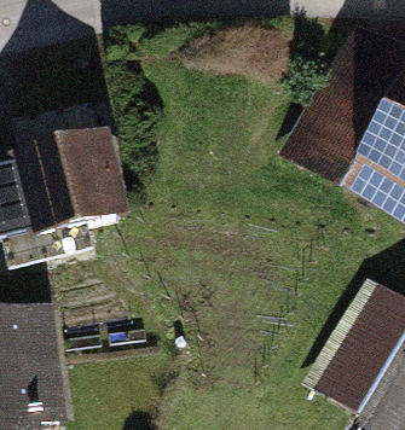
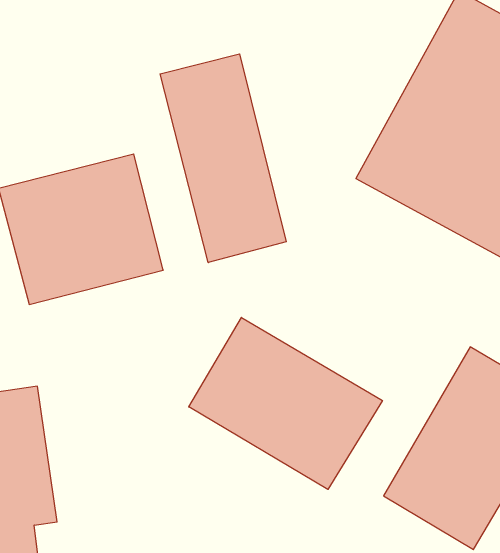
building: none -> [160,54,286,263]
building: none -> [189,317,382,489]

